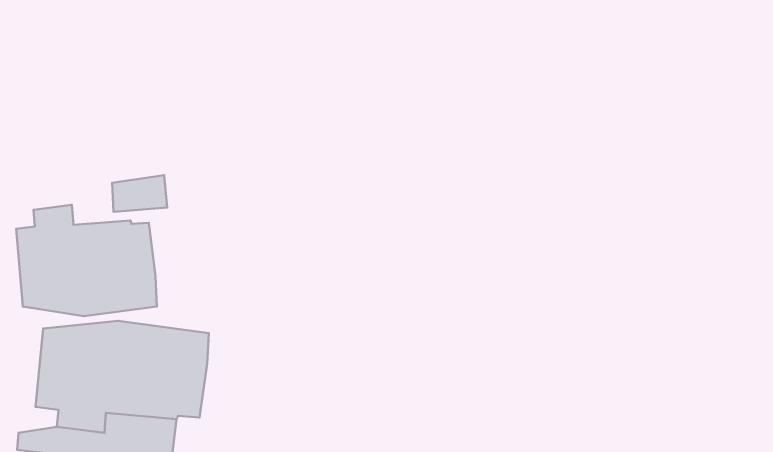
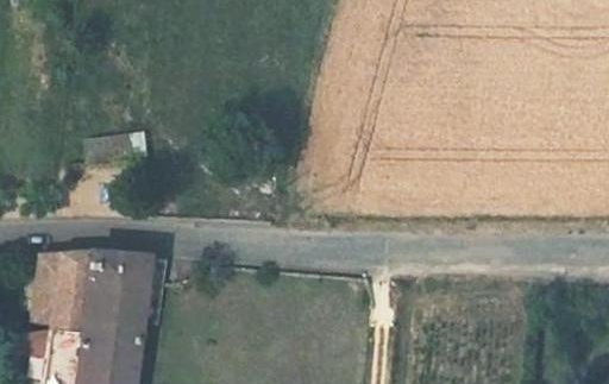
building: [16,205,157,316] -> none

